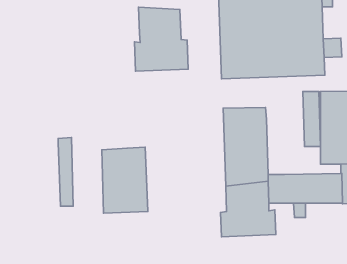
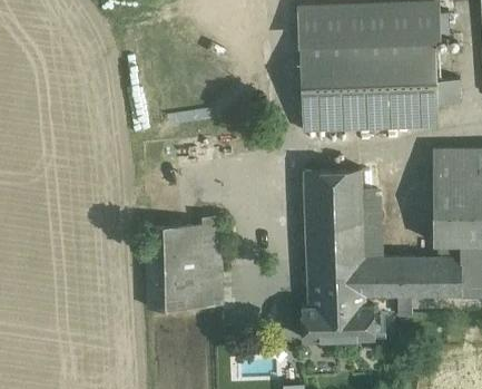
building: [134,7,188,71] -> none
building: [303,92,321,147] -> [362,186,385,259]
building: [58,138,73,206] -> [203,216,223,307]

